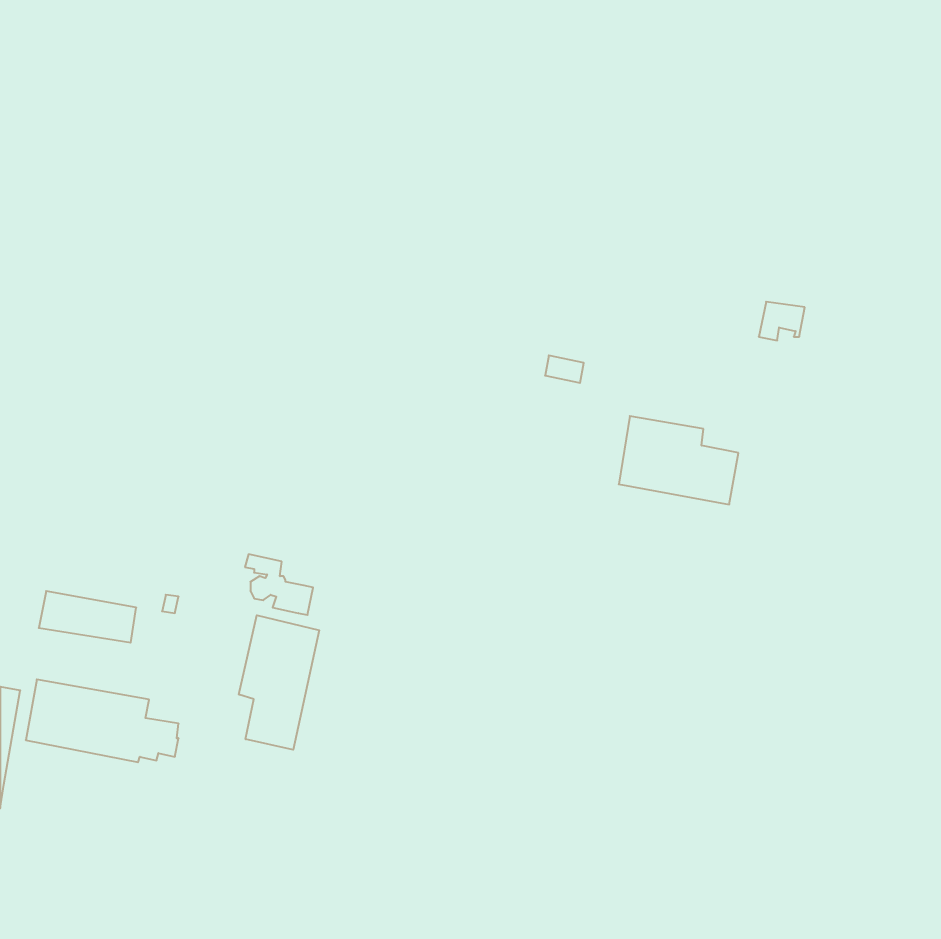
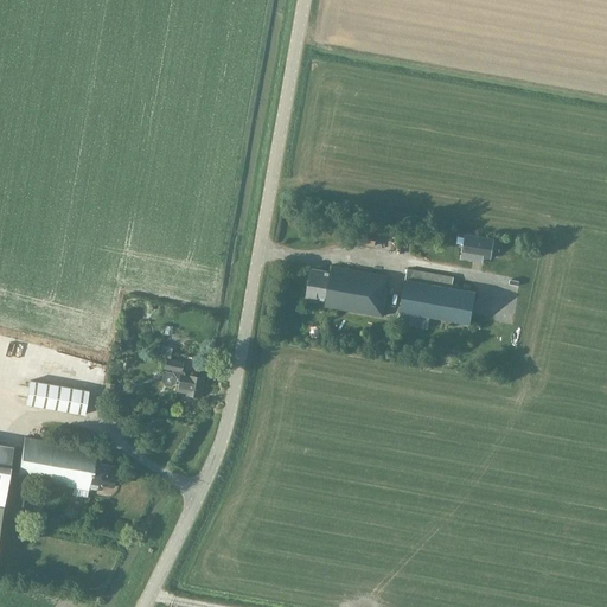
building: [759,302,805,340] -> [460,236,490,261]
building: none -> [306,267,388,319]
building: [239,615,319,750] -> none

